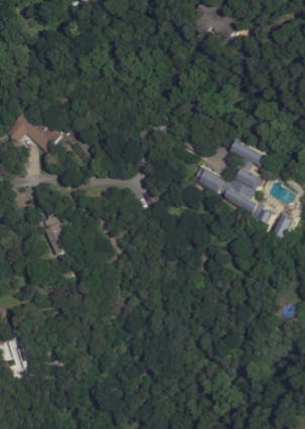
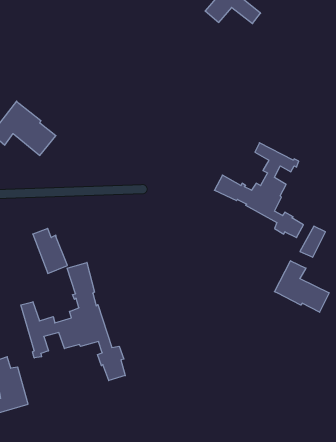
building: none -> [274,261,329,312]
building: none -> [21,262,125,381]

